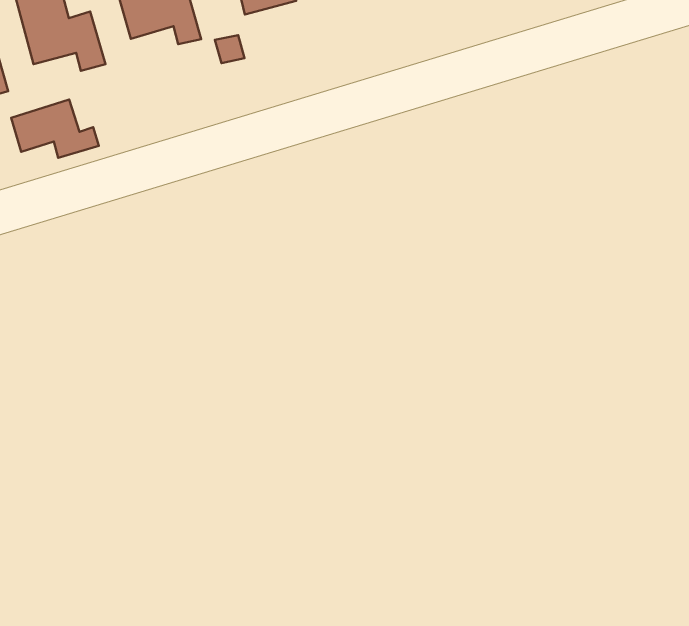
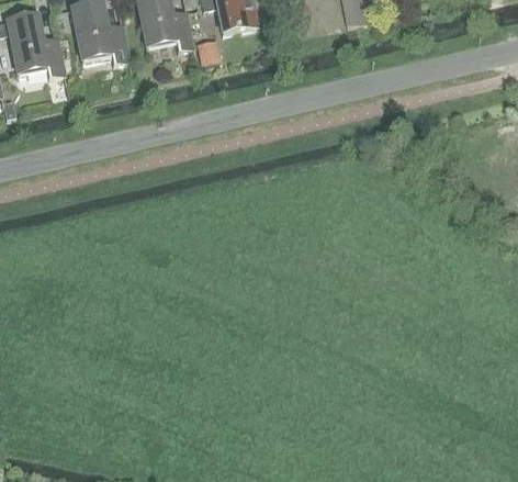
building: [11,100,99,158] -> none

